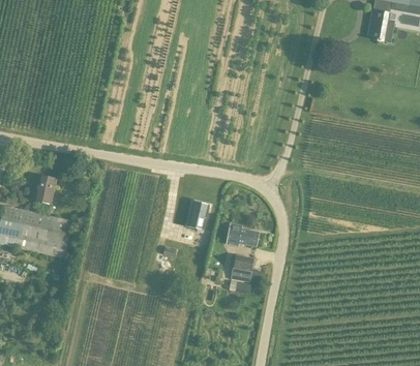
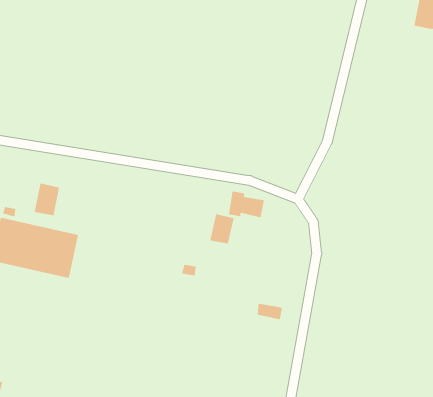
building: [227,223,259,247] -> [228,191,265,218]
building: [231,254,253,282] -> none

